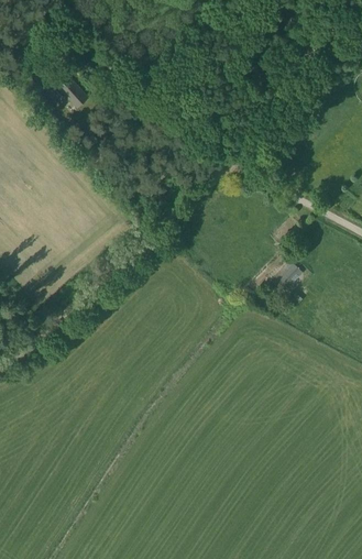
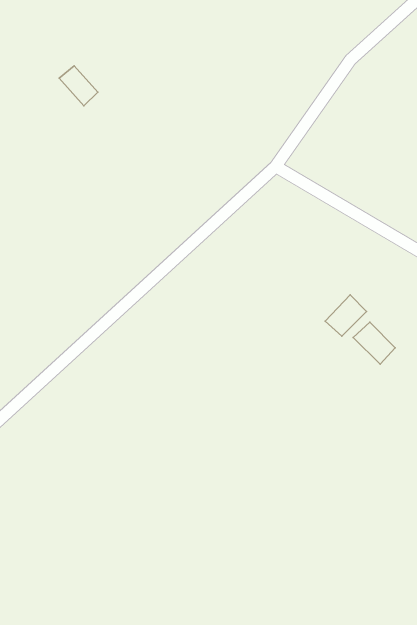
building: none -> [353,322,395,364]

